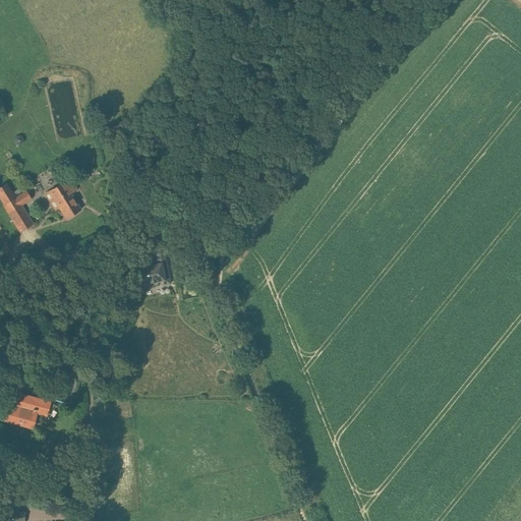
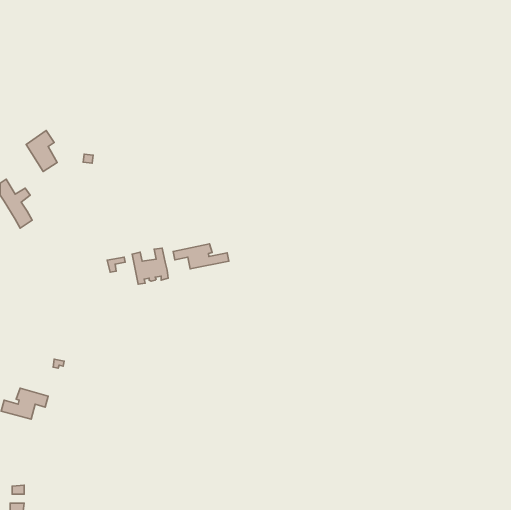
building: [49,178,80,220] -> [26,131,57,172]
building: none -> [173,244,229,269]

